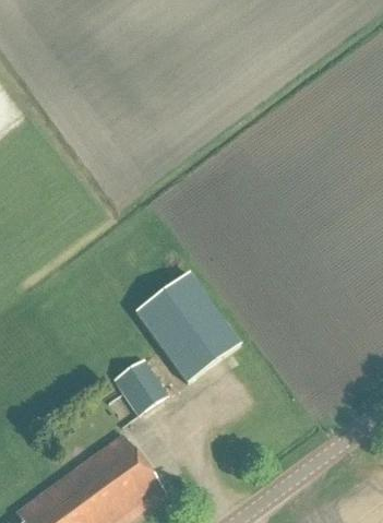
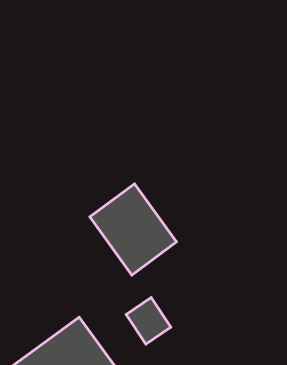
building: [113,359,168,416] -> [126,298,171,344]

